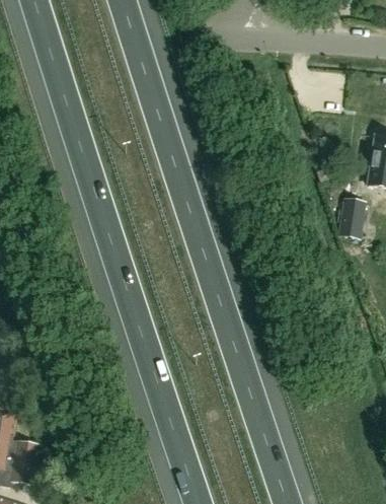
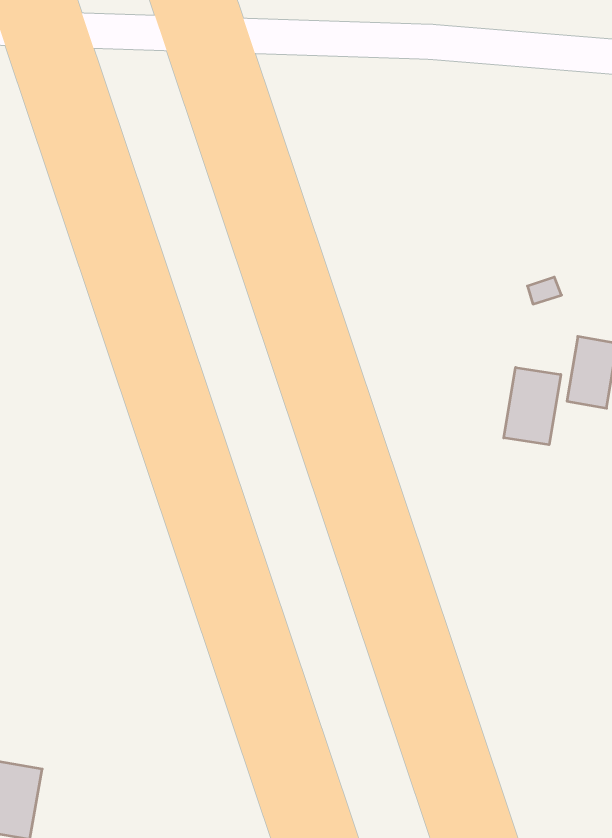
building: none -> [504,367,561,445]

